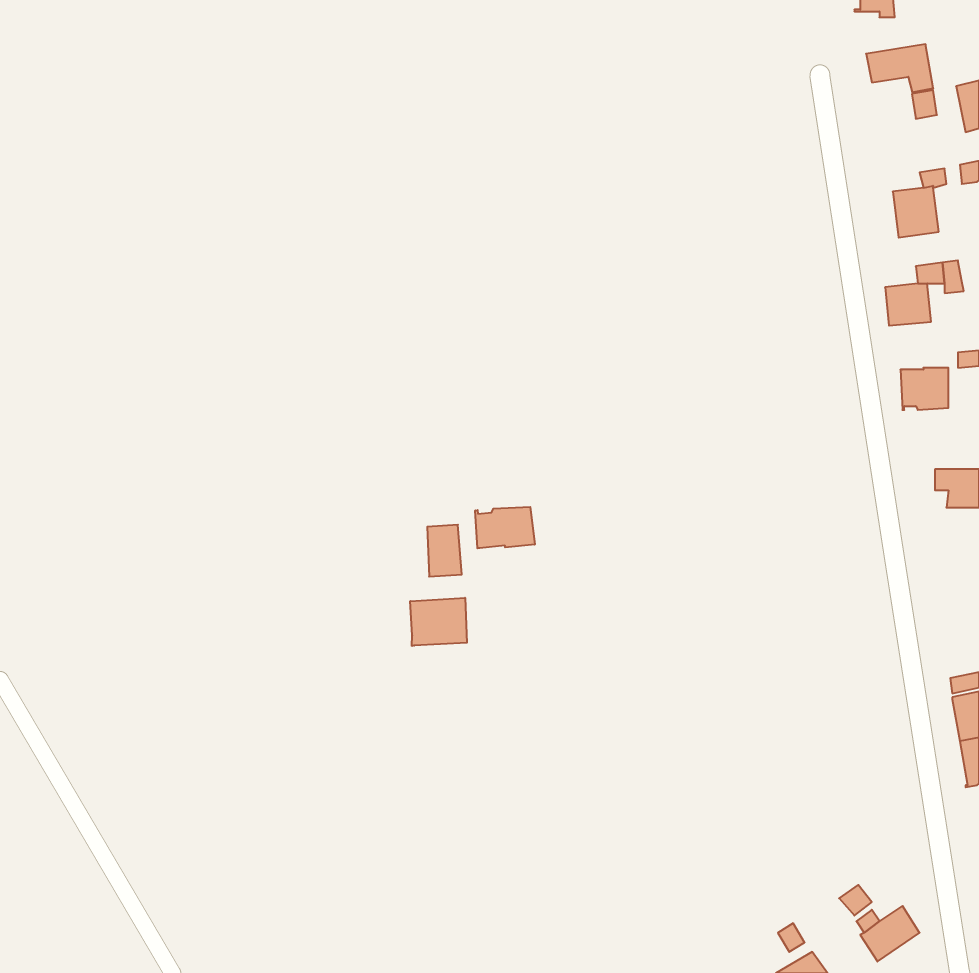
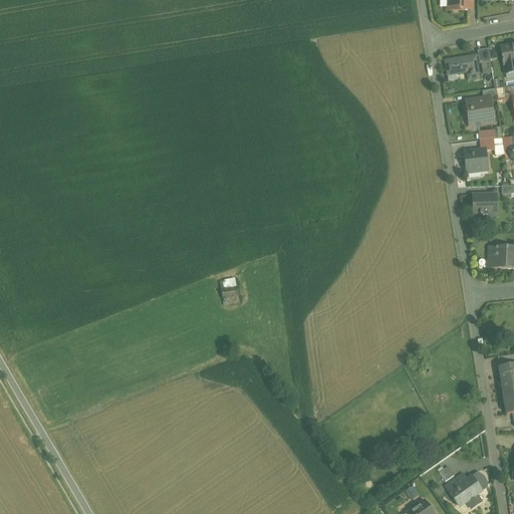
building: [866,44,933,92] -> [445,54,480,79]
building: [475,507,535,548] -> none
building: [410,598,467,646] -> none

